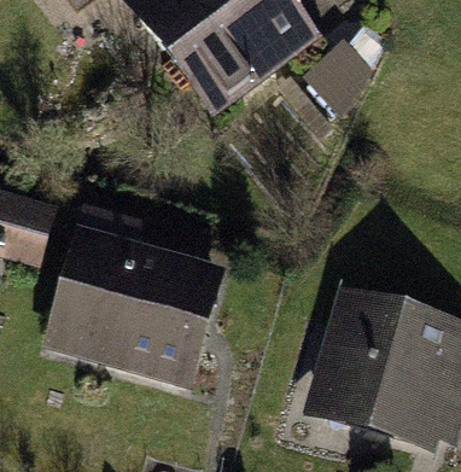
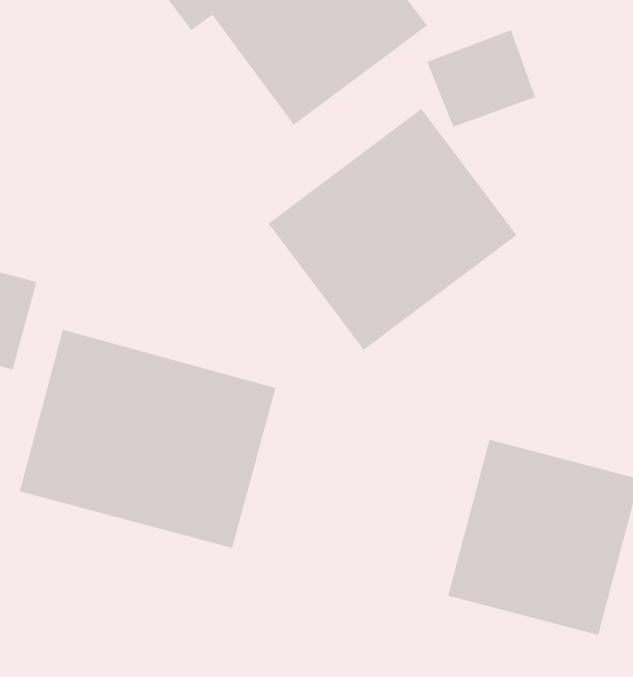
building: none -> [268,108,517,351]

